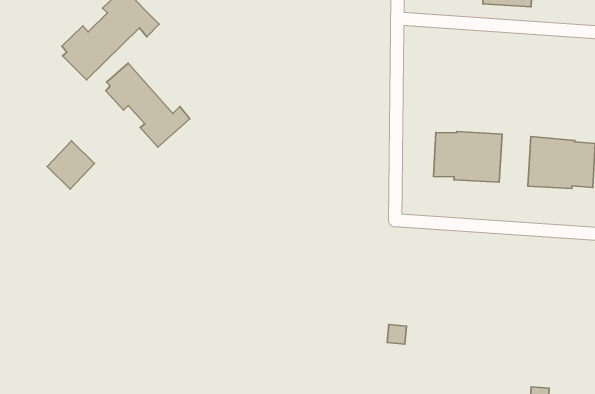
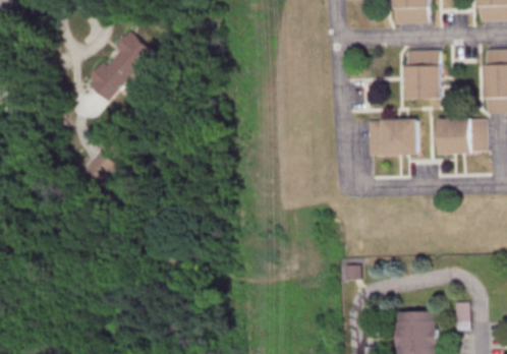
building: none -> [404,48,442,98]
building: [106,63,190,147] -> none

